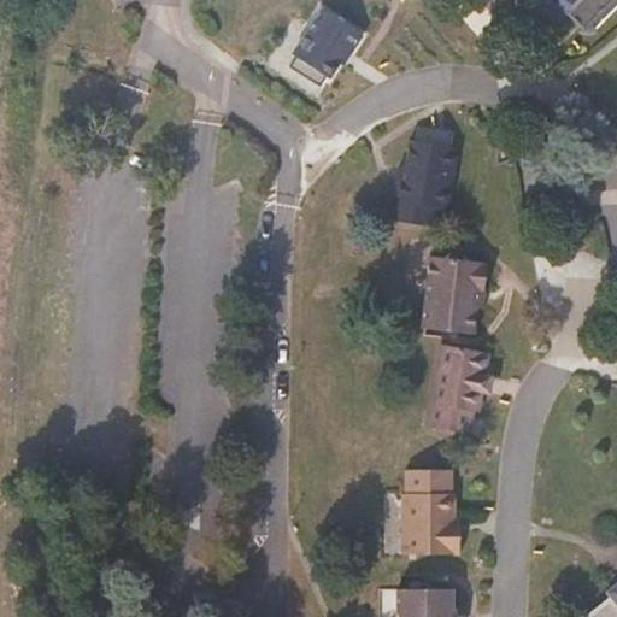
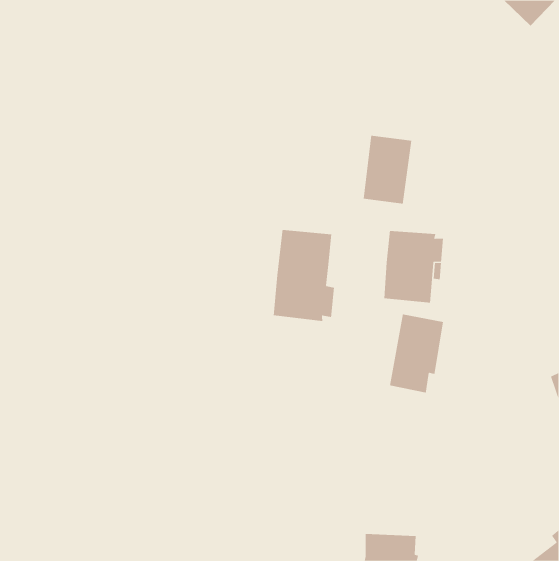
building: [286,11,358,90] -> none
building: none -> [273,229,334,322]
building: [402,469,462,557] -> none

